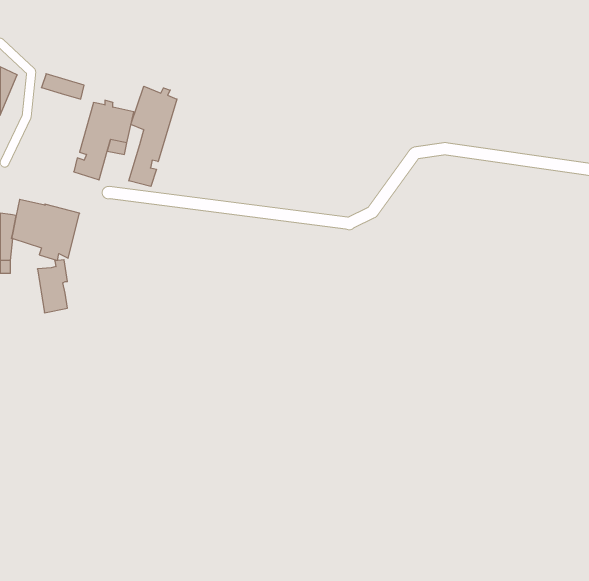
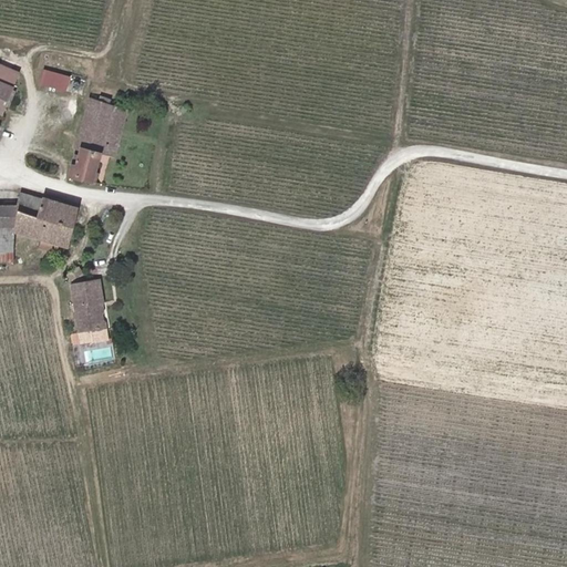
building: [129,86,177,186] -> none
building: [37,260,67,313] -> [71,282,100,333]

